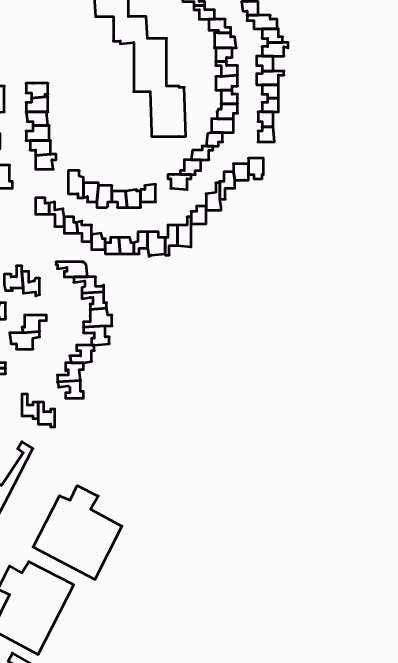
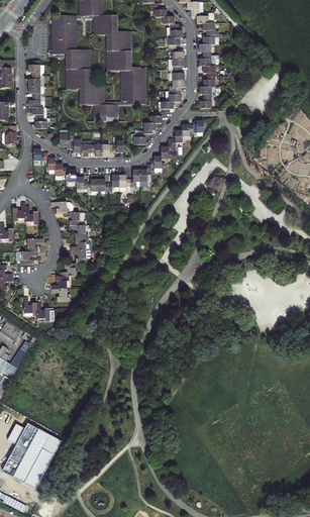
building: none -> [51,16,118,122]
building: [33,486,122,579] -> none

